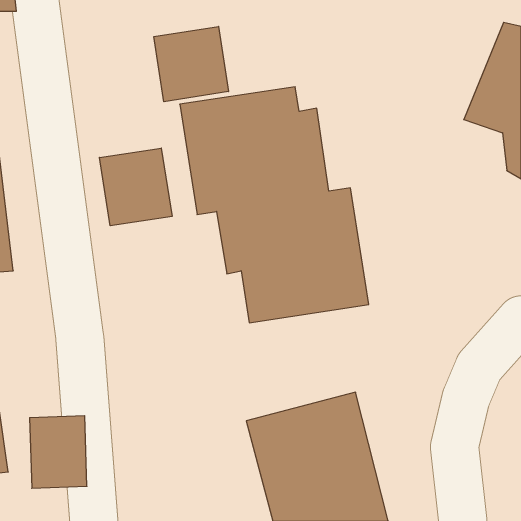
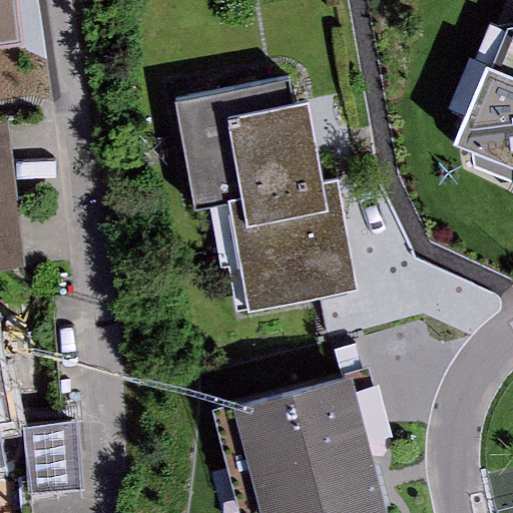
building: [154,26,228,102] -> none
building: [99,148,172,226] -> none

